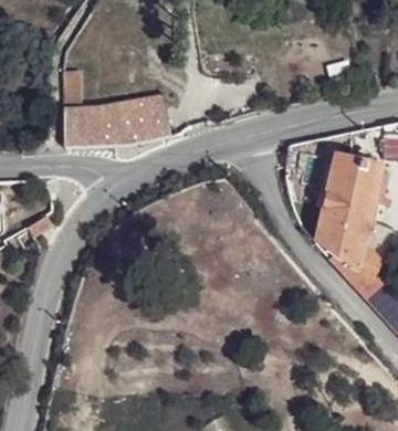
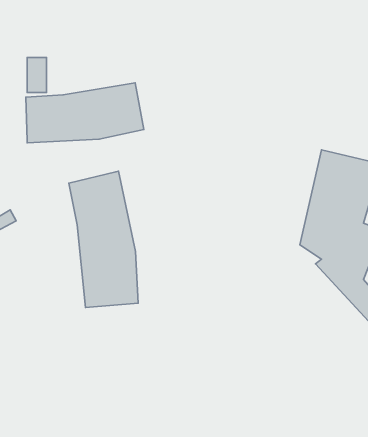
building: none -> [69,171,138,307]

